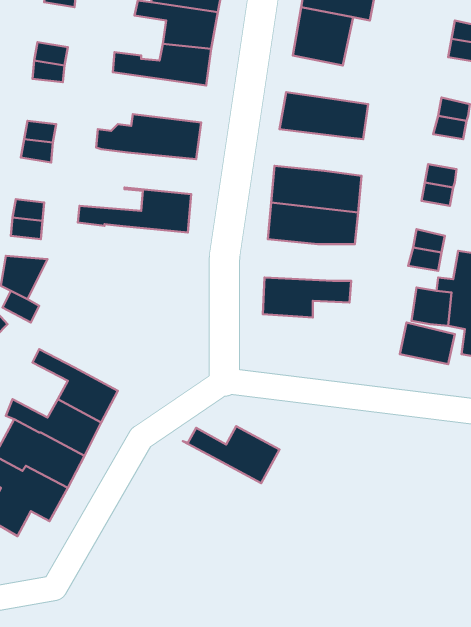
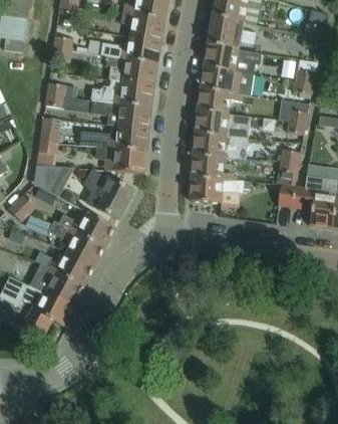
building: none -> [205,44,261,73]
building: none -> [106,55,156,84]
building: none -> [198,88,242,114]
building: none -> [92,100,150,128]
building: none -> [95,146,145,173]
building: none -> [192,155,233,180]
building: none -> [83,168,133,219]
building: [183,426,280,483] -> [56,212,114,246]

